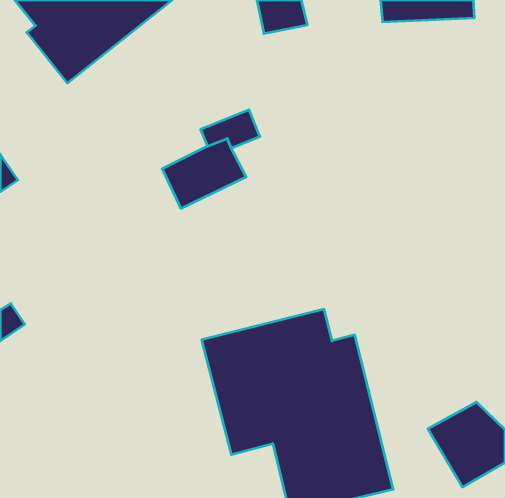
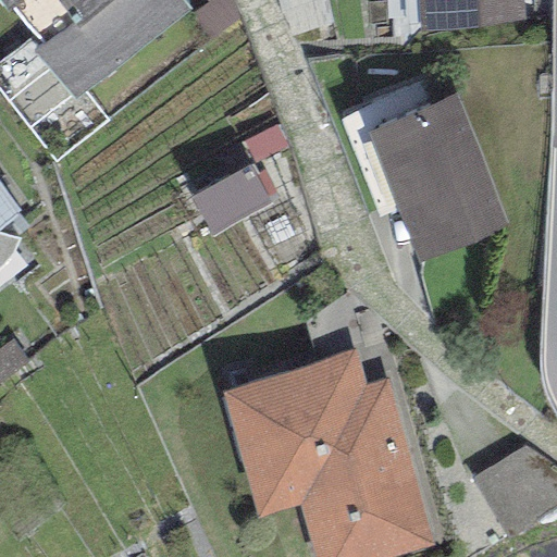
building: none -> [369,85,506,251]

